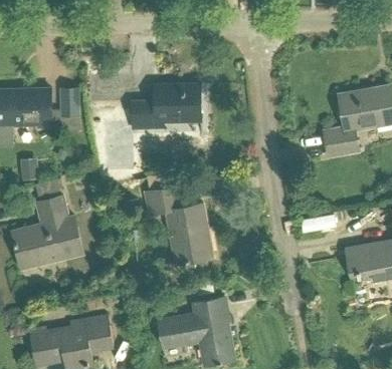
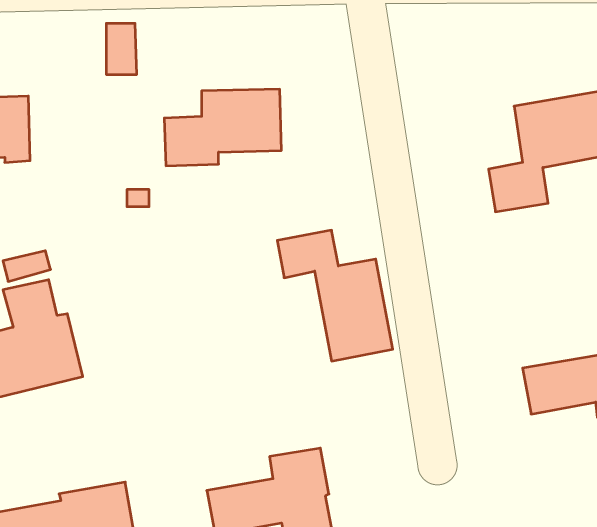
building: [59,85,77,115] -> [106,23,137,74]
building: [145,187,213,264] -> [277,230,393,361]

